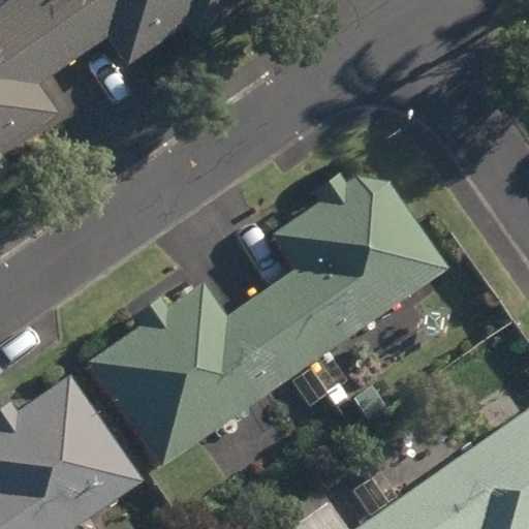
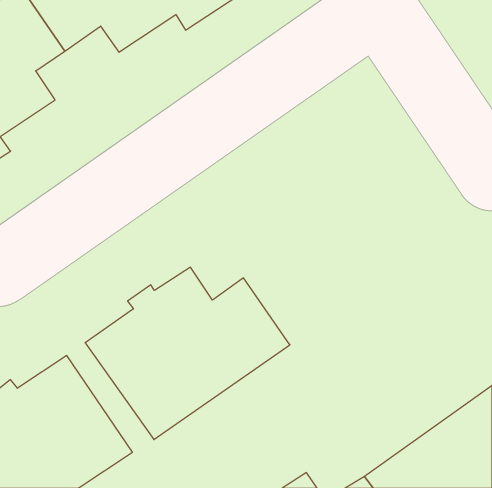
building: [260,176,449,368] -> none

